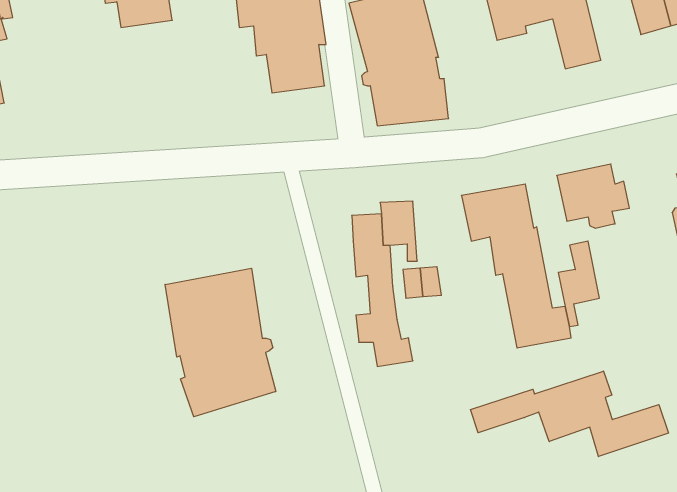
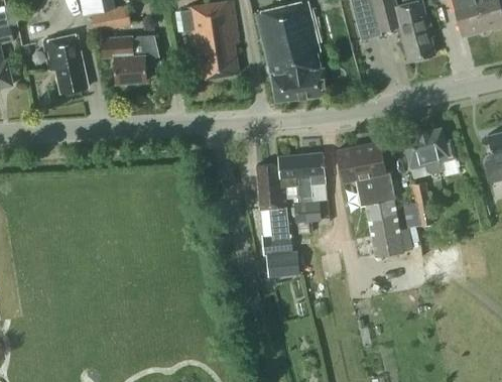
building: none -> [43,34,89,93]
building: none -> [101,34,161,84]
building: none -> [301,152,326,197]
building: [165,268,276,417] -> none
building: [470,371,669,457] -> none

